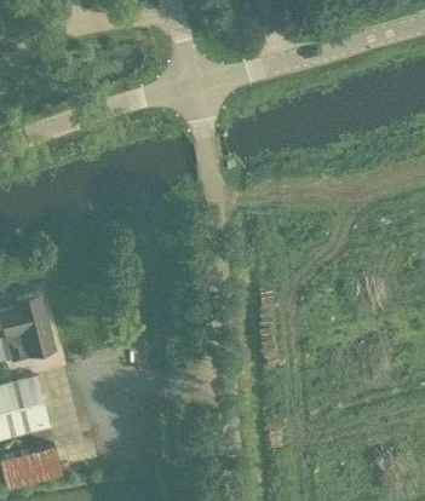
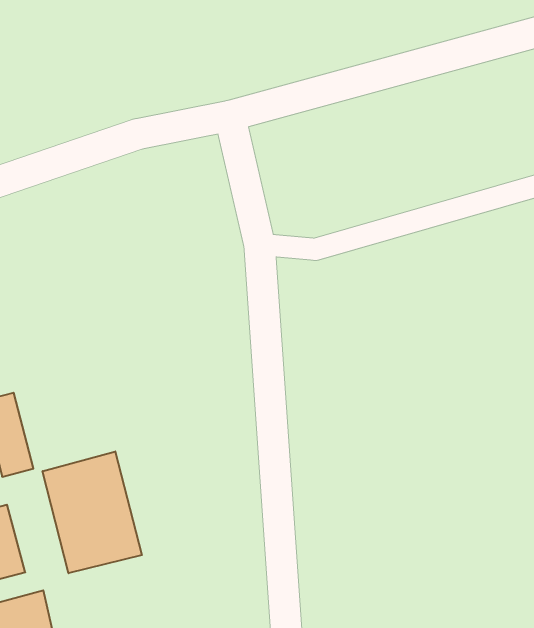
building: none -> [43,451,142,573]

